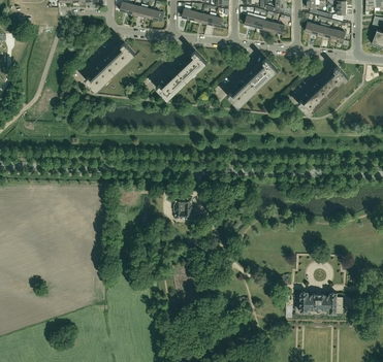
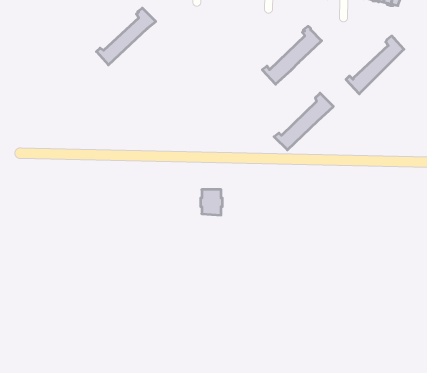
building: [156,51,206,99] -> [274,93,333,150]
building: [300,292,343,314] -> none

